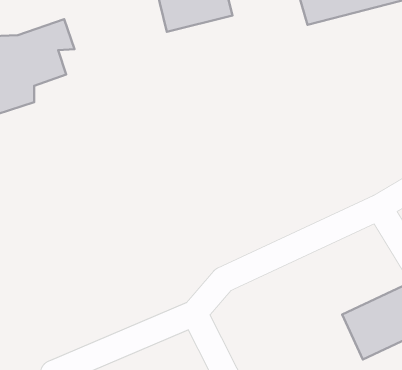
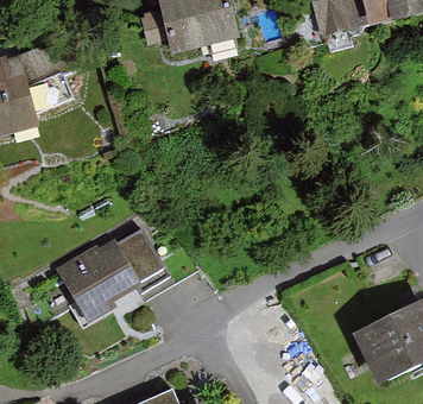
building: none -> [50,228,166,328]

